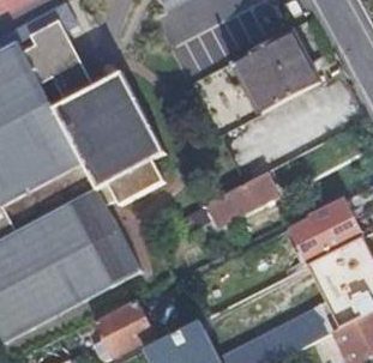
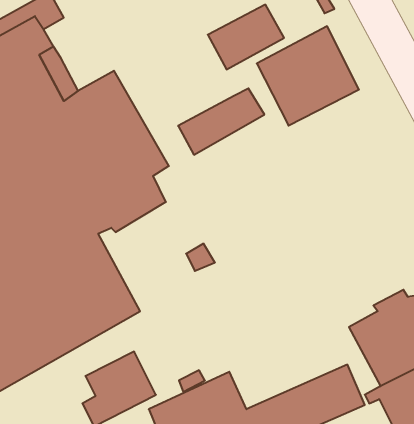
building: [199,177,271,232] -> [178,88,264,155]
building: [290,201,363,265] -> none

